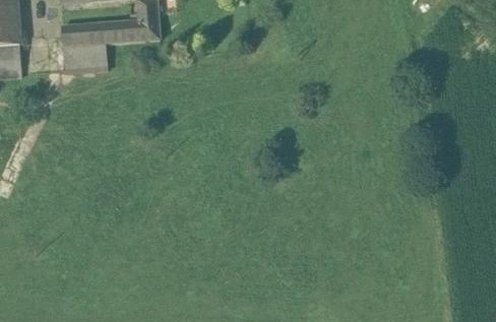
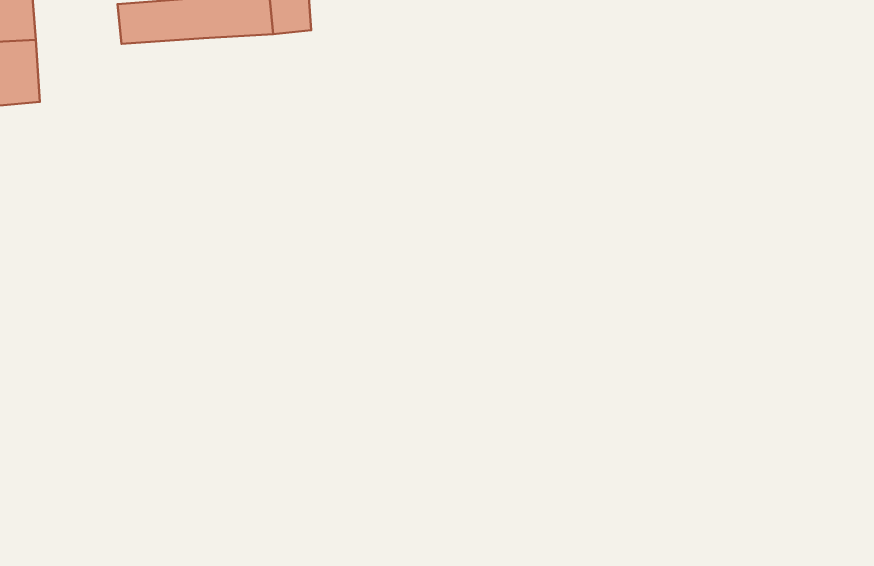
building: [64,43,108,72] -> none

